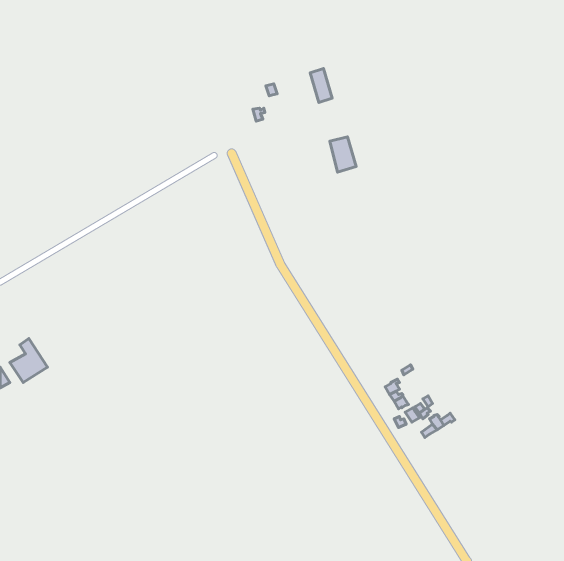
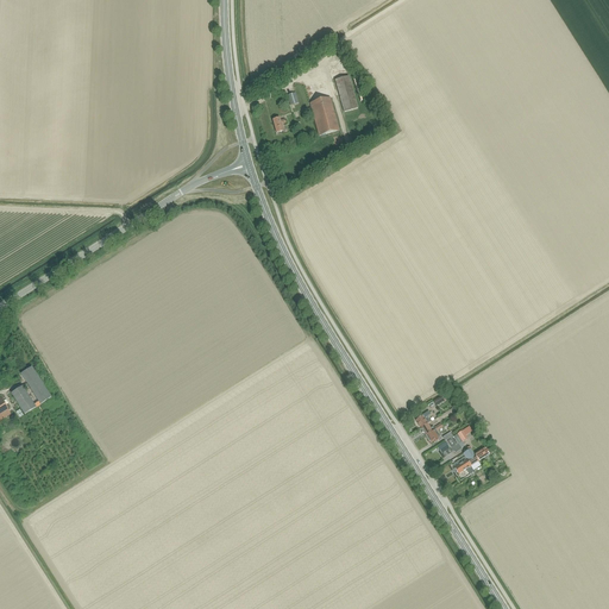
building: [330,137,356,172] -> [310,96,339,134]

